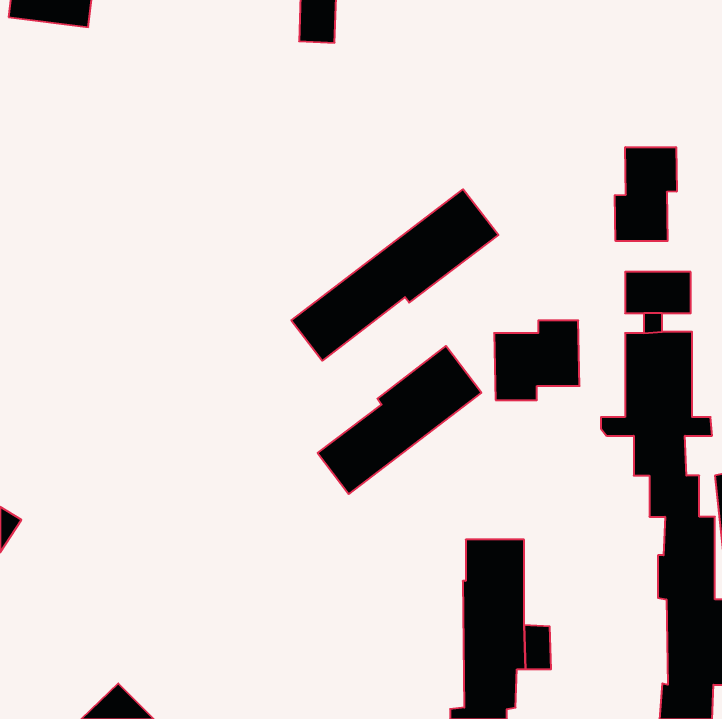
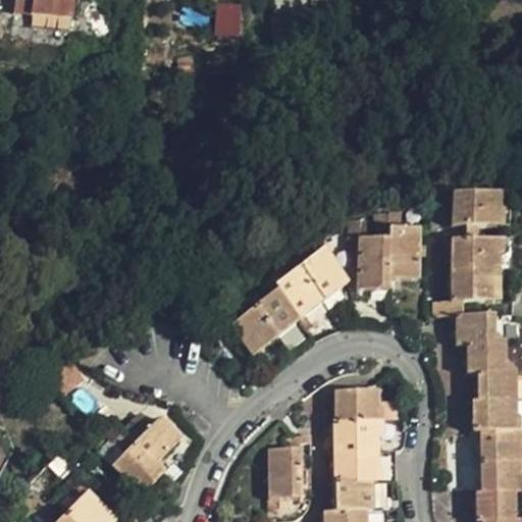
building: [615,147,677,241] -> none
building: [291,189,498,361] -> none
building: none -> [114,416,182,491]
building: none -> [270,431,313,506]

